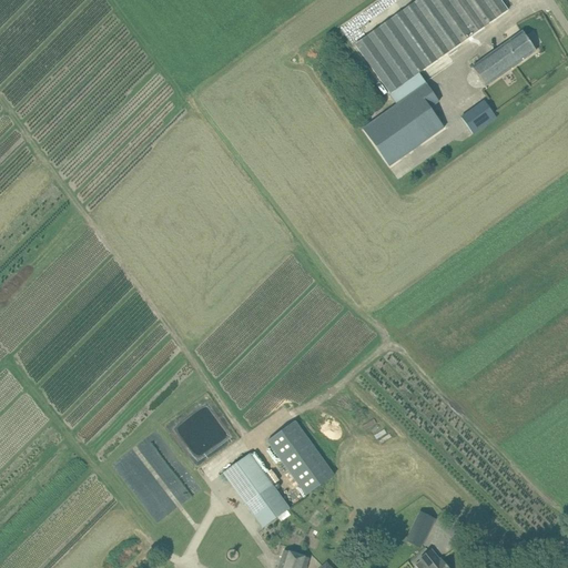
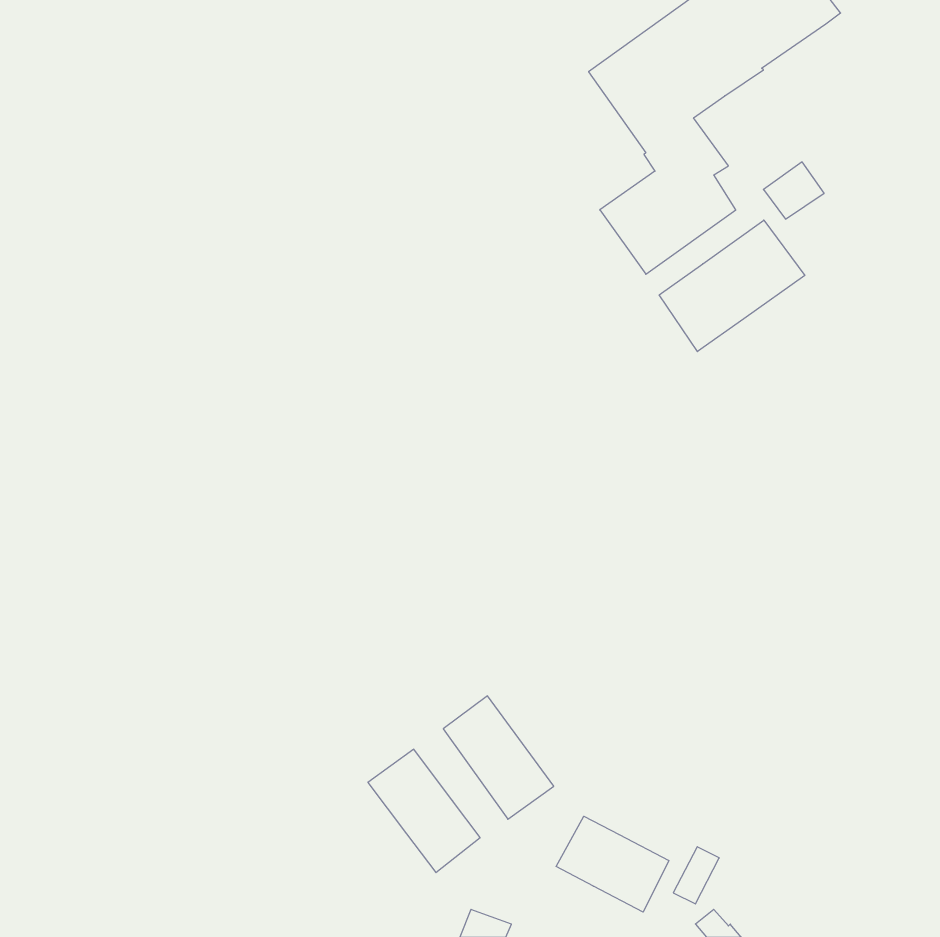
building: [471,30,536,84] -> none
building: none -> [659,220,805,352]
building: none -> [556,816,669,912]

